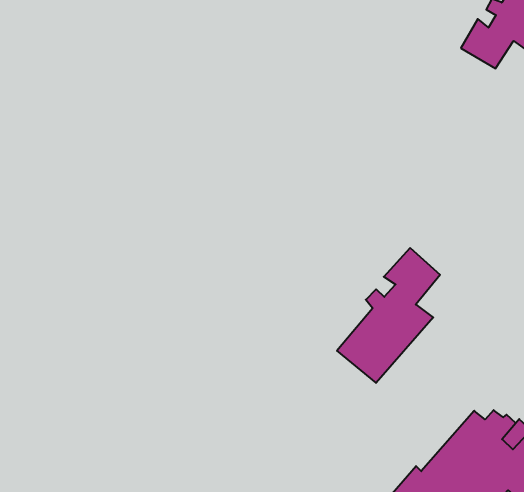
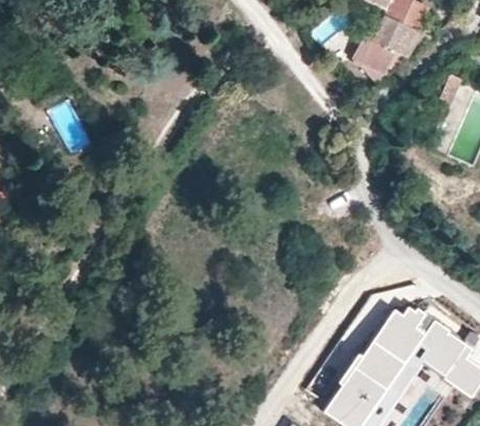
building: [337,248,440,383] -> none

